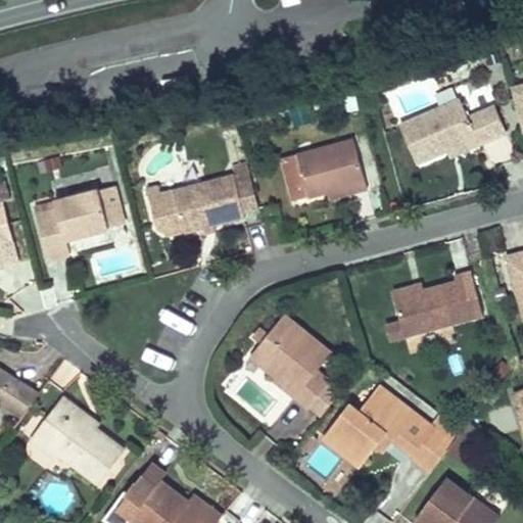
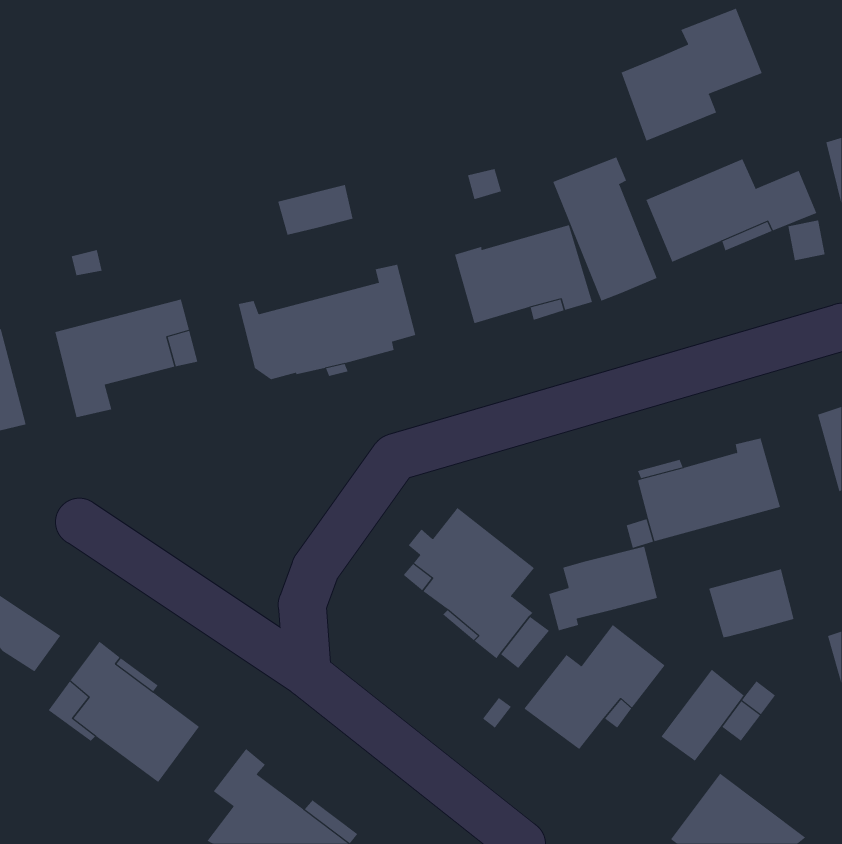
building: none -> [621,8,763,142]
building: none -> [552,156,657,301]
building: none -> [277,184,353,236]
building: none -> [549,546,658,631]
building: none -> [708,568,794,638]

